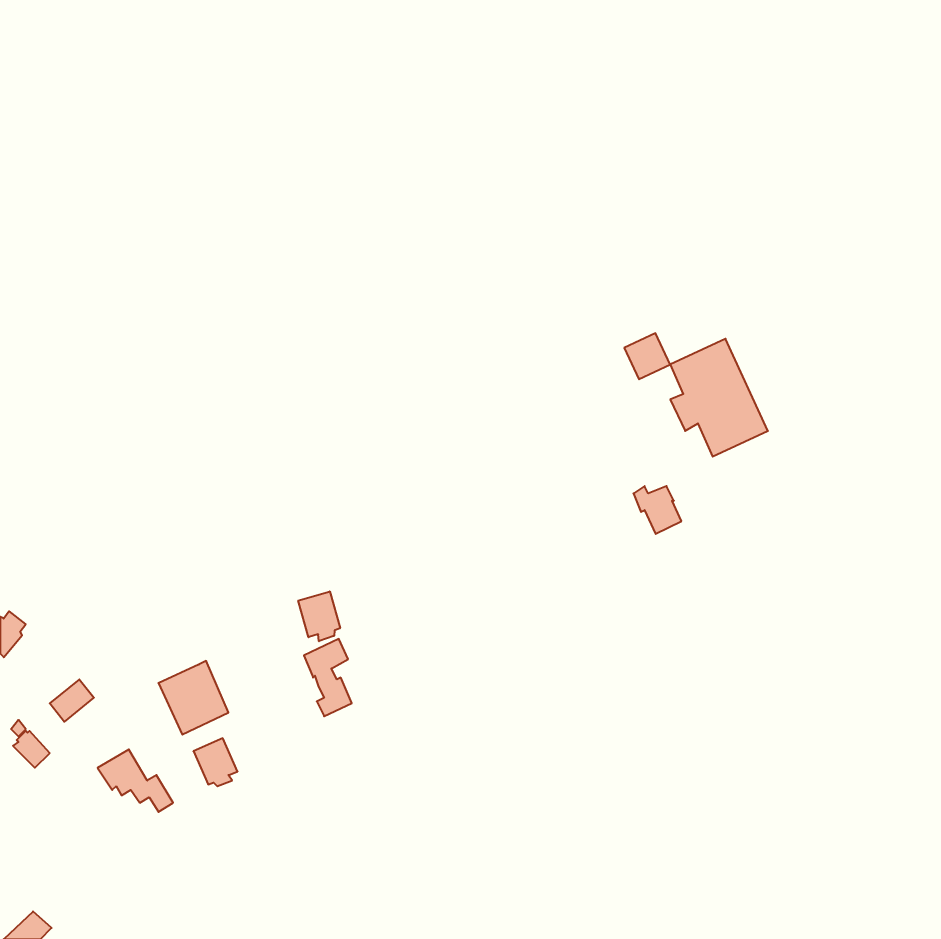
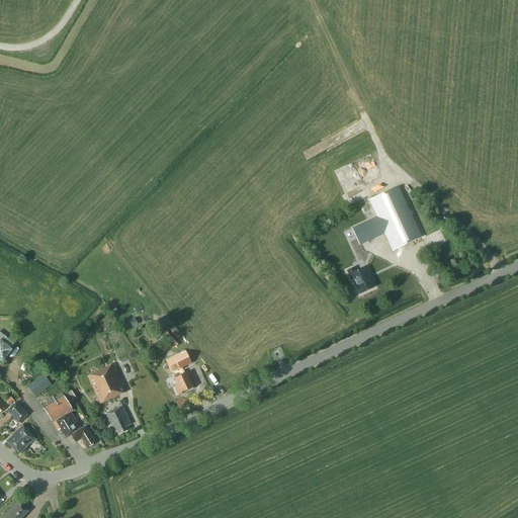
building: [624,333,670,379] -> [351,220,376,245]
building: [298,591,340,641] -> none
building: none -> [42,393,73,422]
building: none -> [7,424,35,452]

